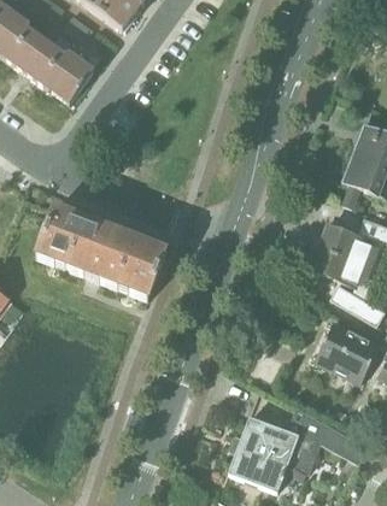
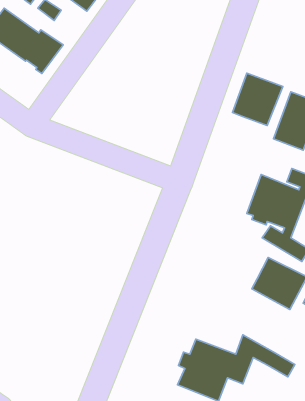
building: none -> [233,73,283,126]
building: [36,206,169,299] -> none

